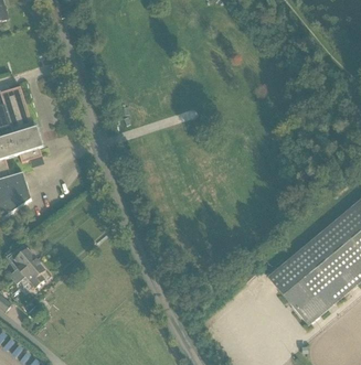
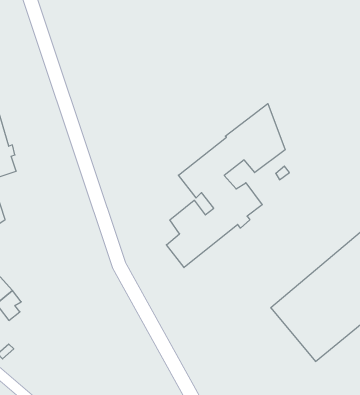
building: none -> [166,104,285,268]

